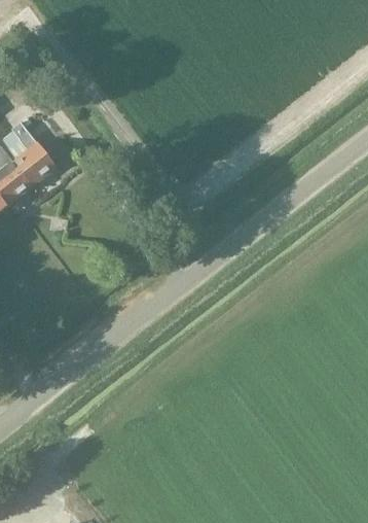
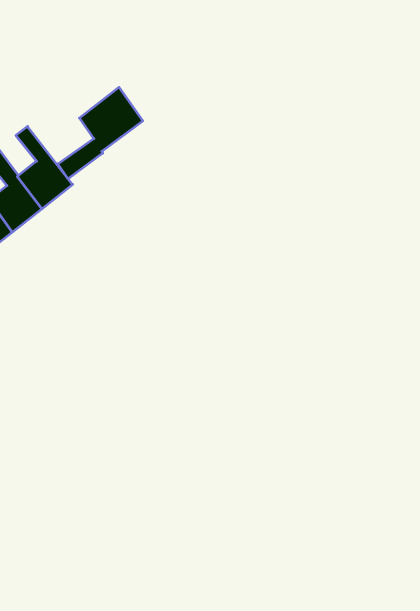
building: none -> [58,87,143,179]

